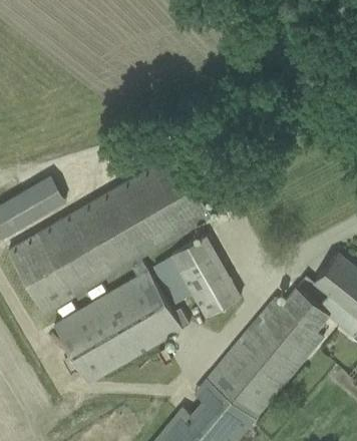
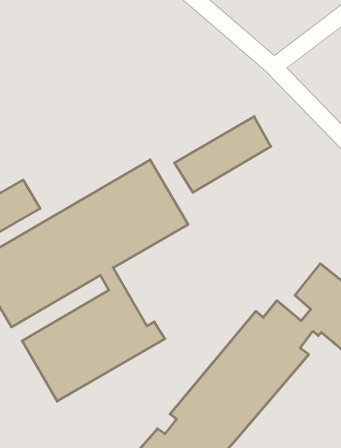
building: none -> [174,116,271,192]
building: [151,236,240,318] -> none

